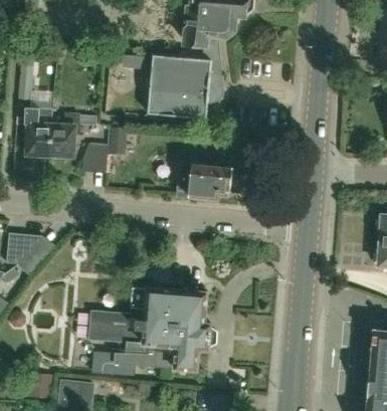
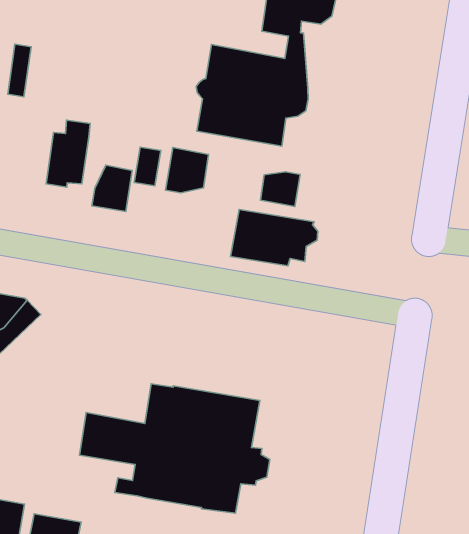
building: [23,105,51,158] -> none
building: none -> [166,147,209,193]
building: none -> [261,172,300,206]
building: [92,351,135,376] -> none

